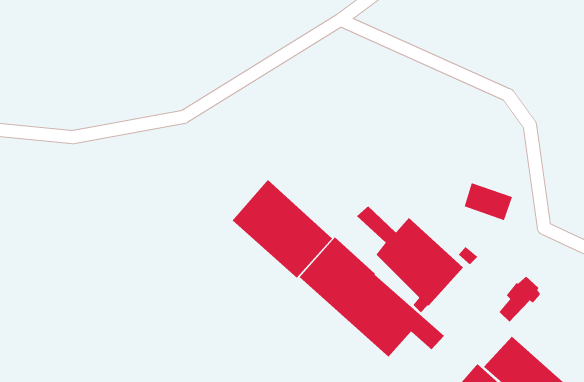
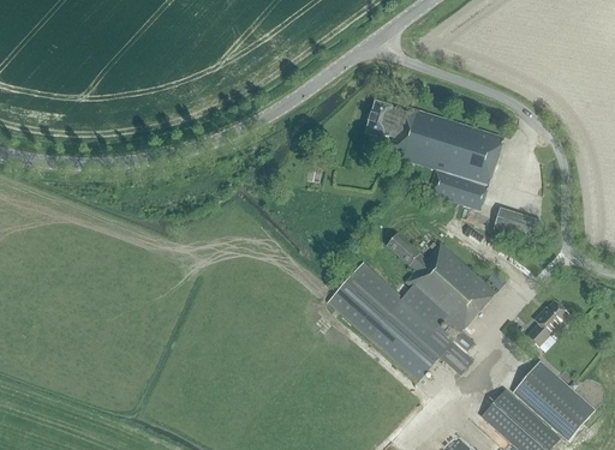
building: none -> [365,97,504,210]
building: [232,179,333,279] -> none

